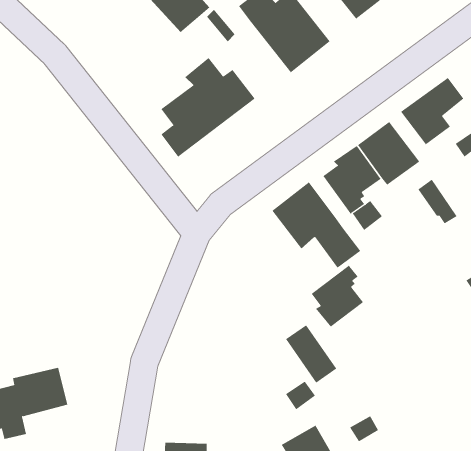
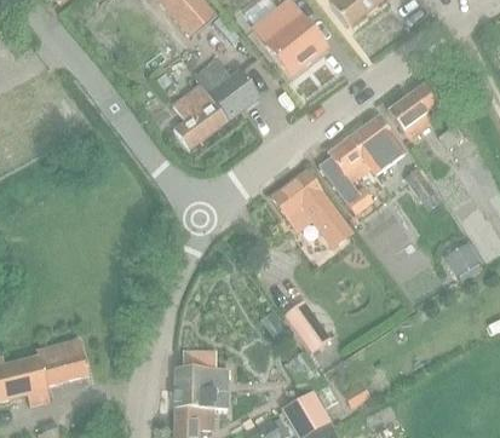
building: [311,265,364,327] -> none
building: none -> [176,368,229,408]

